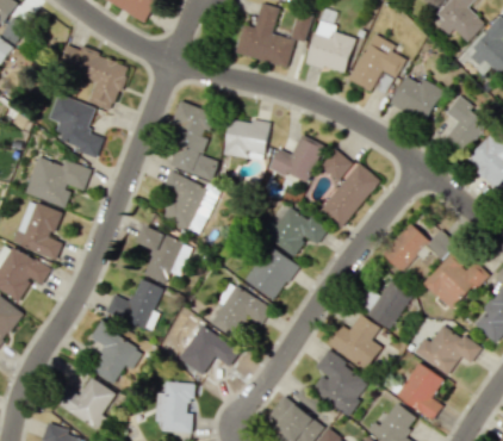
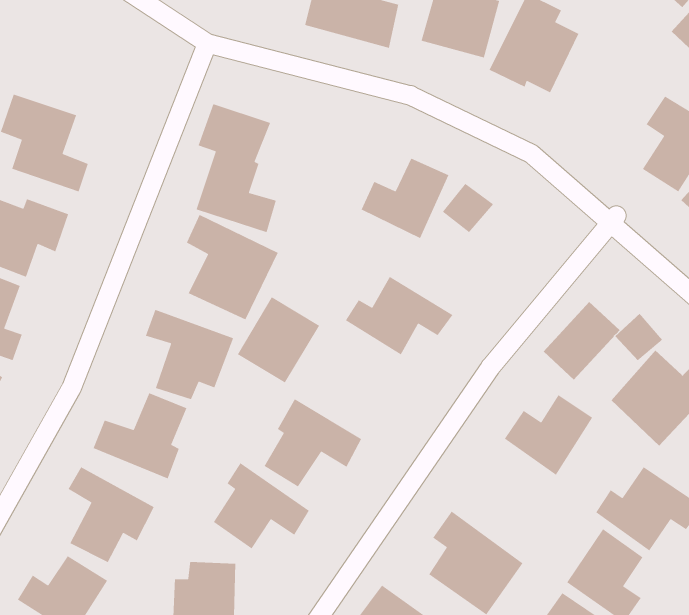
building: [57,43,129,110] -> none
building: [390,75,441,120] -> none
building: [224,118,268,159] -> none
building: [319,162,380,228] -> none
building: [246,246,297,299] -> [237,296,320,384]
building: [329,313,381,369] -> none

